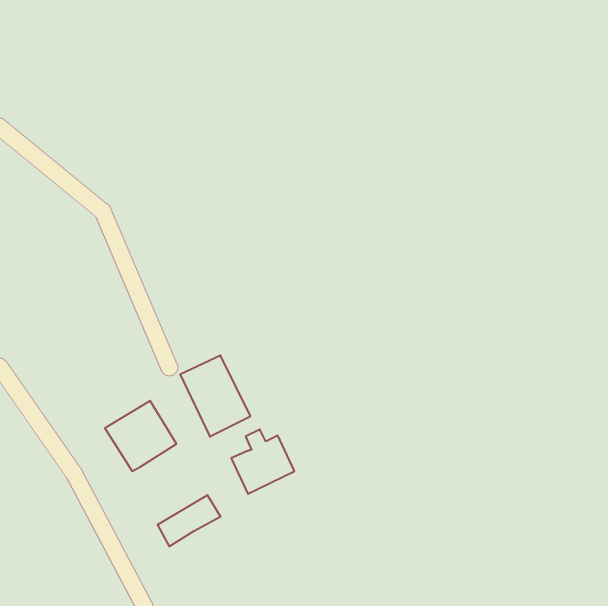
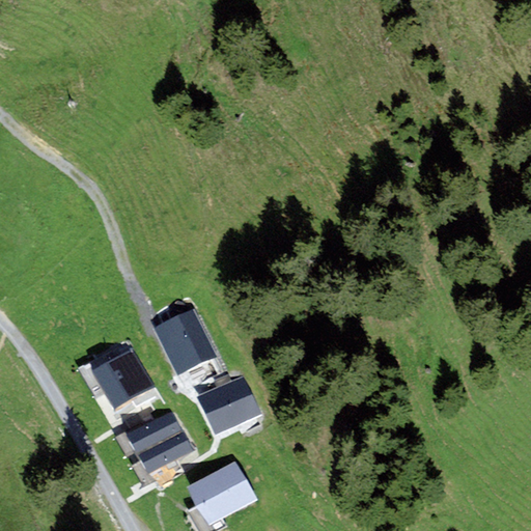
building: none -> [125,412,180,456]
building: none -> [191,467,252,523]

